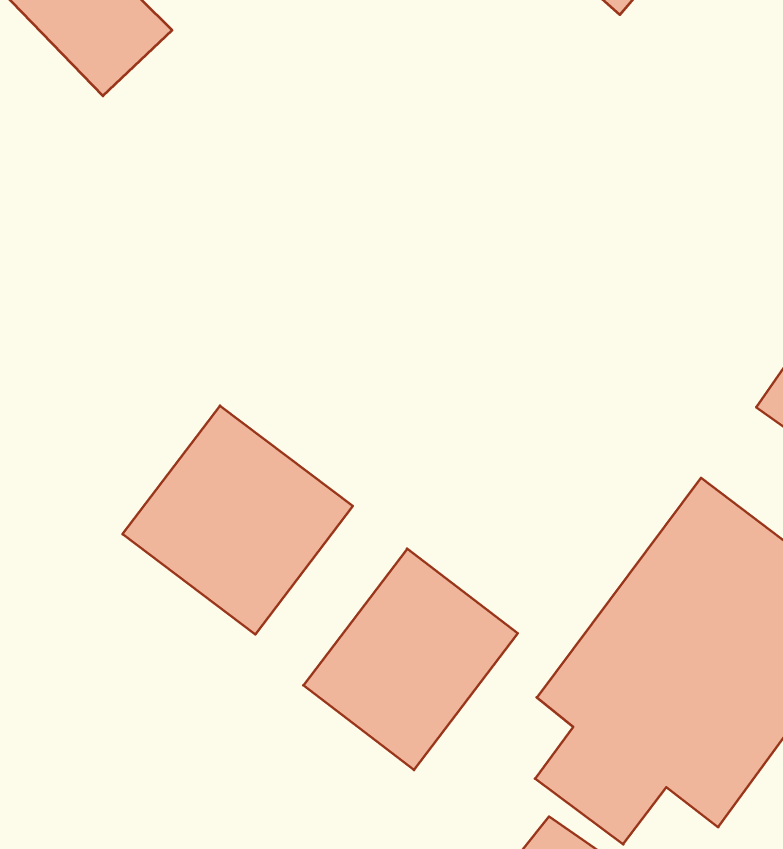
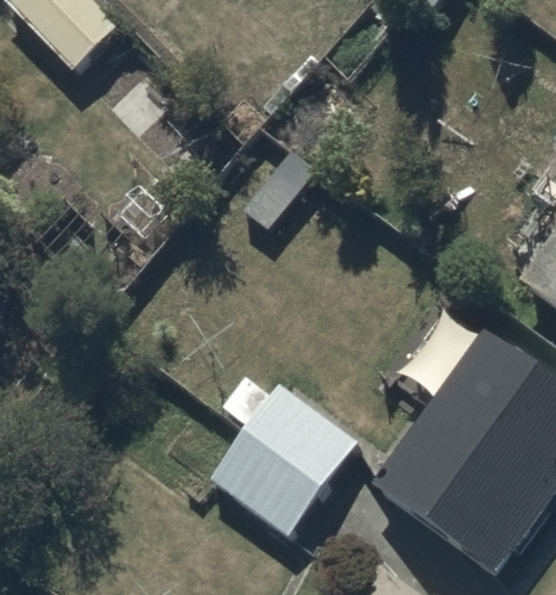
building: [123,406,353,634] -> none

